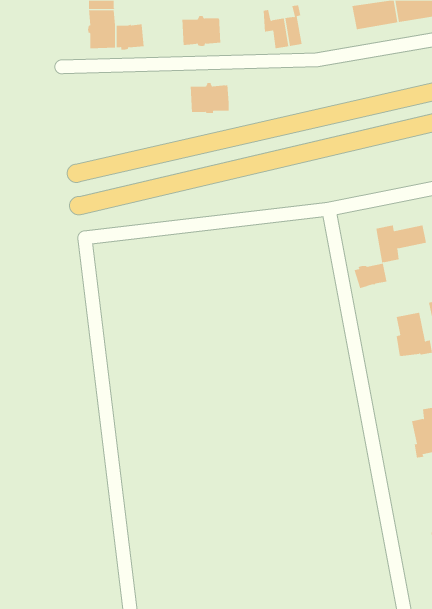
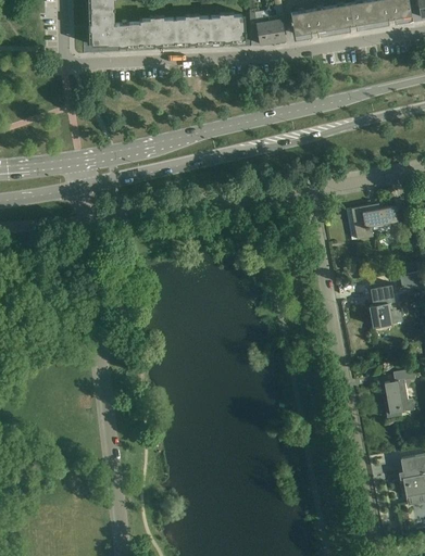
building: none -> [289,7,333,35]
building: none -> [138,16,175,45]
building: [190,82,229,114] -> [209,13,245,41]
building: [354,263,388,289] -> none

